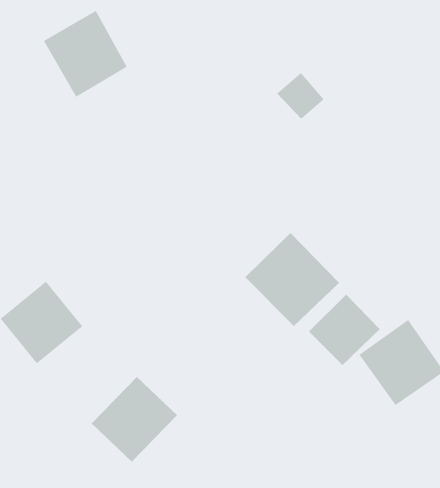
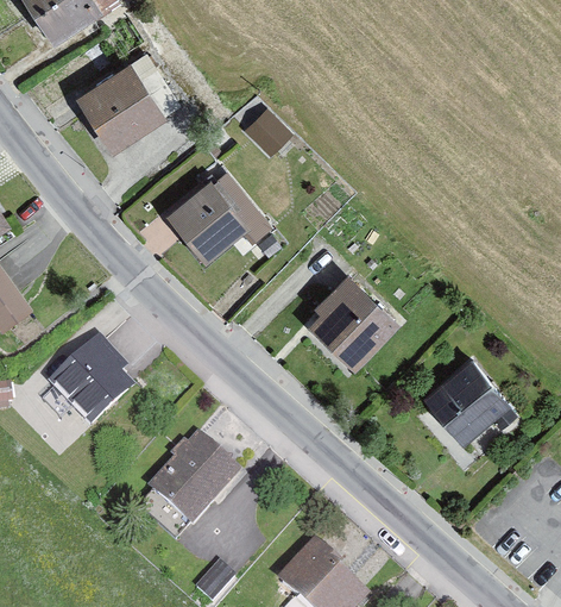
building: [276,72,324,119] -> [245,109,295,158]
building: none -> [162,165,275,264]
building: [308,294,381,366] -> none

